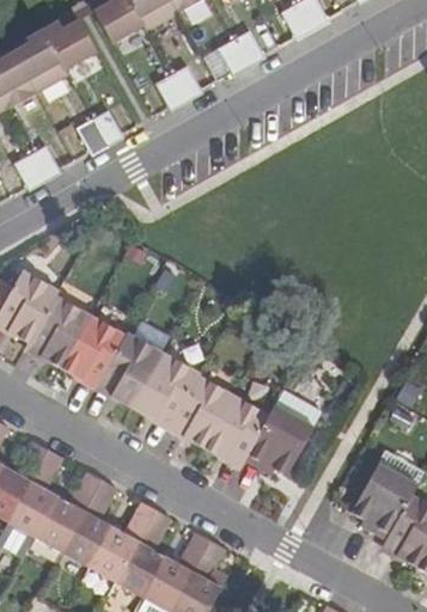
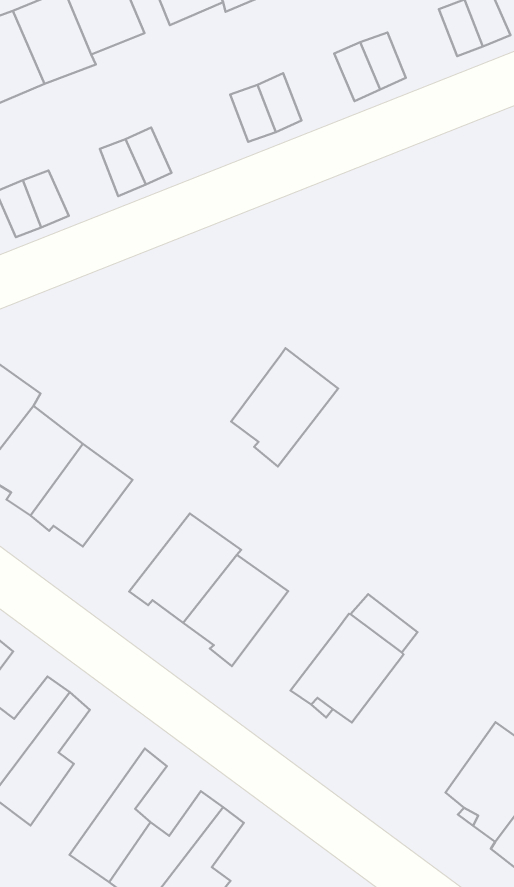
building: [99,333,165,410] -> [231,348,338,467]
building: [205,397,269,465] -> none
building: [89,501,155,583] -> none

